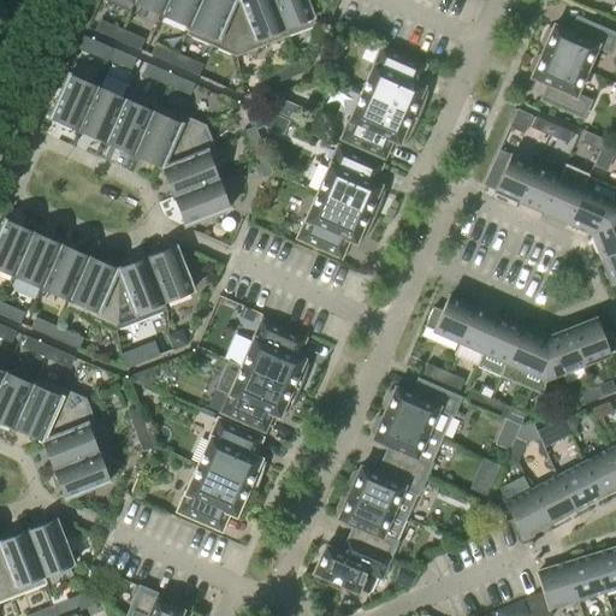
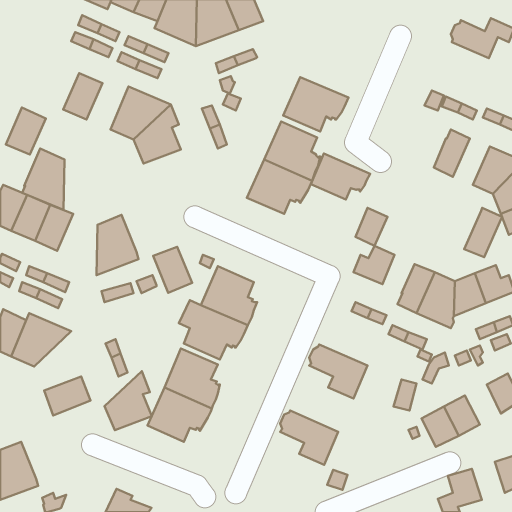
building: [361,46,428,117] -> none
building: [531,51,590,117] -> none
building: [48,75,96,131] -> [6,107,46,155]
building: [105,100,152,155] -> none
building: [496,155,535,201] -> none
building: [544,162,590,221] -> [464,208,502,257]
building: [173,179,229,225] -> none
building: none -> [311,153,370,199]
building: [147,247,194,302] -> [153,247,192,293]
building: [67,256,118,330] -> [22,149,64,210]
building: [460,306,498,351] -> [355,208,388,246]
building: [383,384,460,438] -> none
building: [42,397,99,468] -> [105,371,152,430]
building: [558,461,602,509] -> none
building: [348,464,425,517] -> none
building: [26,519,73,574] -> none
building: [314,544,390,592] -> none
building: [567,553,606,599] -> none

